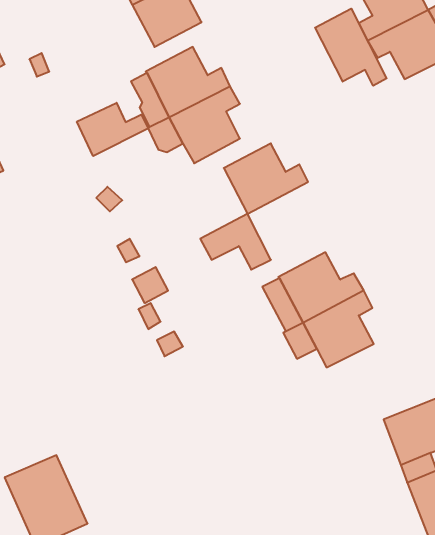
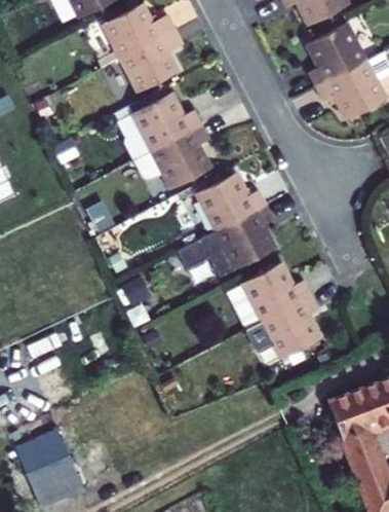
building: [315,9,387,86] -> none
building: [77,103,148,156] -> none
building: none -> [217,205,275,269]

